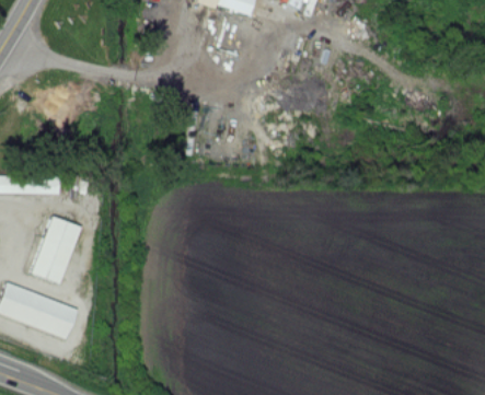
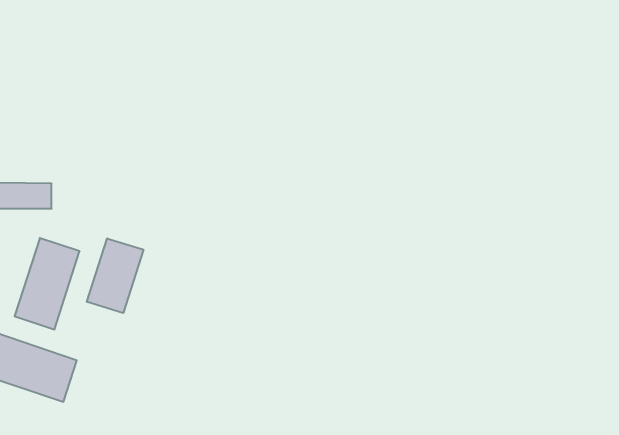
building: none -> [87,238,143,313]

